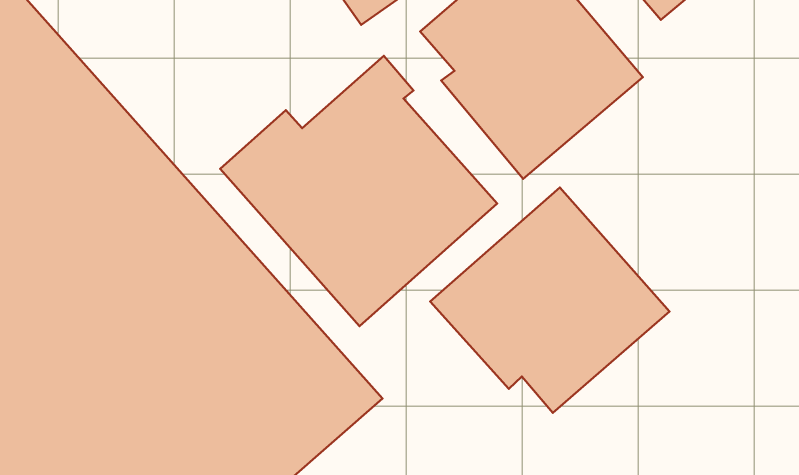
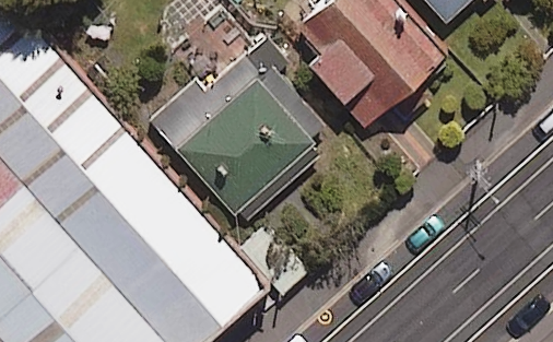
building: [430,187,670,413] -> none

